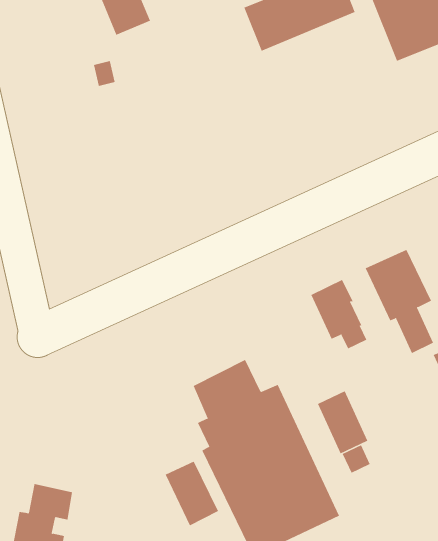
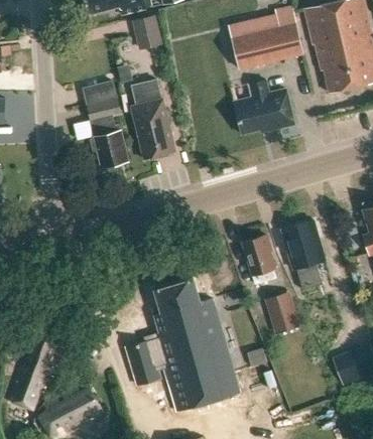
building: none -> [235,79,293,134]
building: none -> [129,81,175,159]
building: none -> [83,81,128,168]
building: [317,390,368,454] -> [268,291,298,333]

